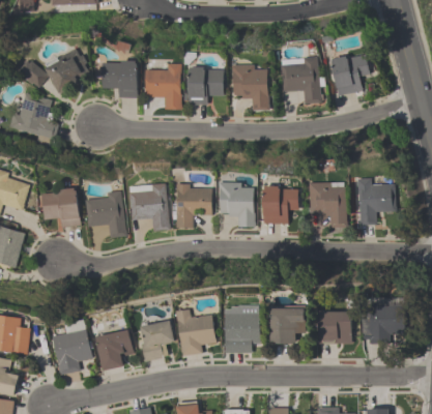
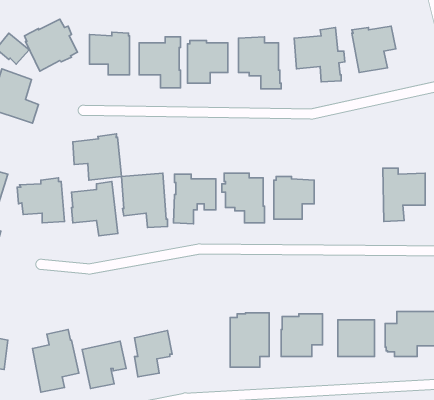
building: none -> [73,134,121,180]
building: [310,182,347,228] -> none
building: [176,309,215,356] -> none

